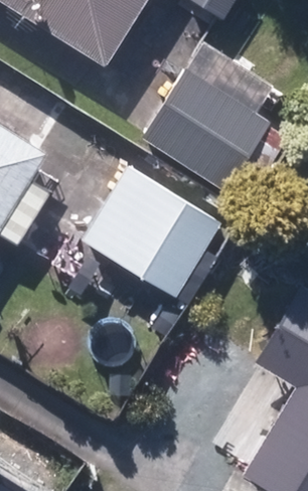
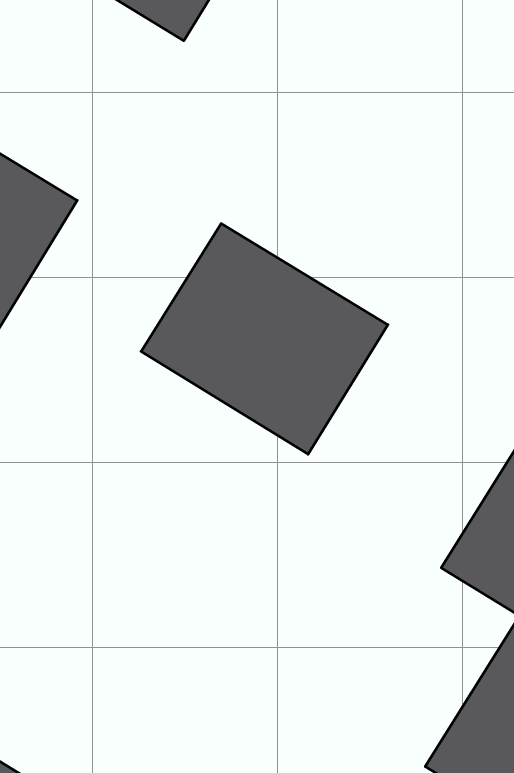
building: [143,71,268,190] -> none

